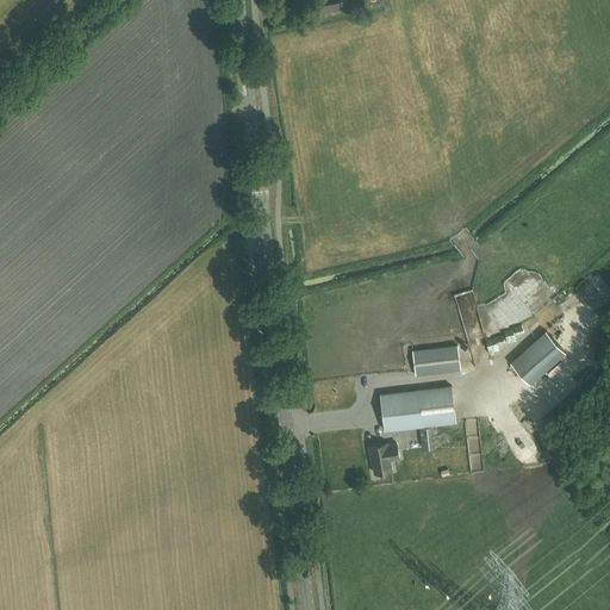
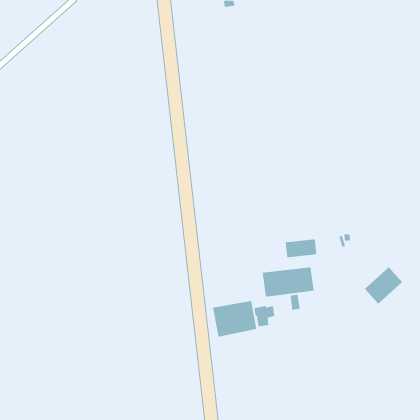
building: [509,331,565,386] -> [364,267,403,305]
building: none -> [212,300,257,338]

